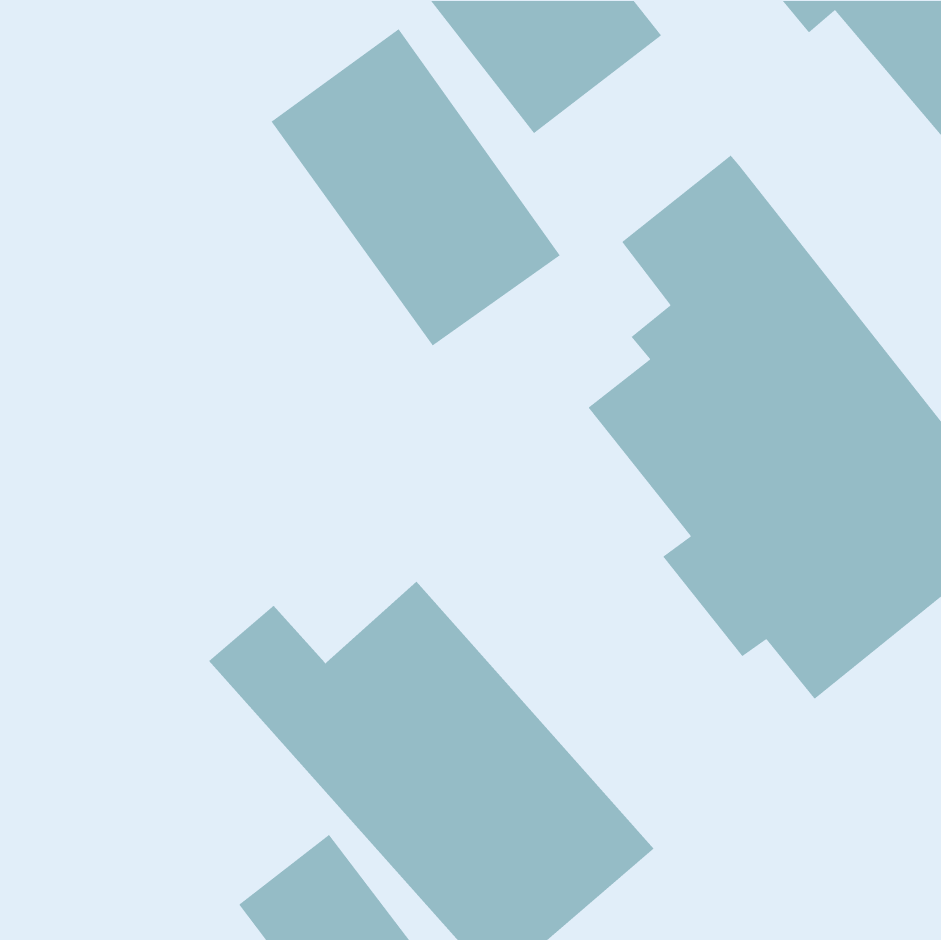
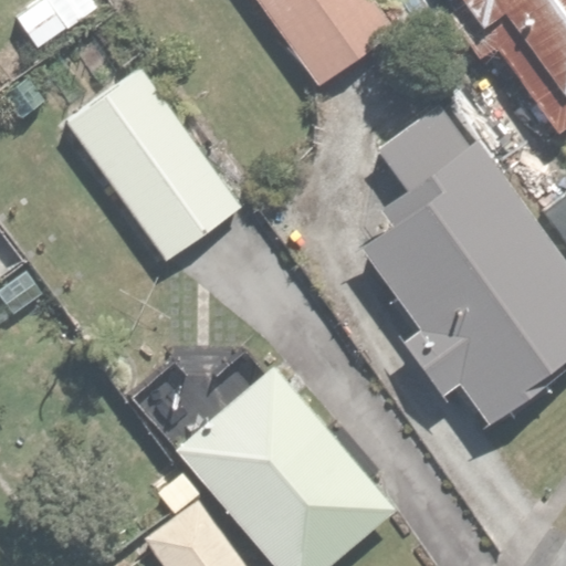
building: [271,28,561,347] -> [69,70,241,259]

